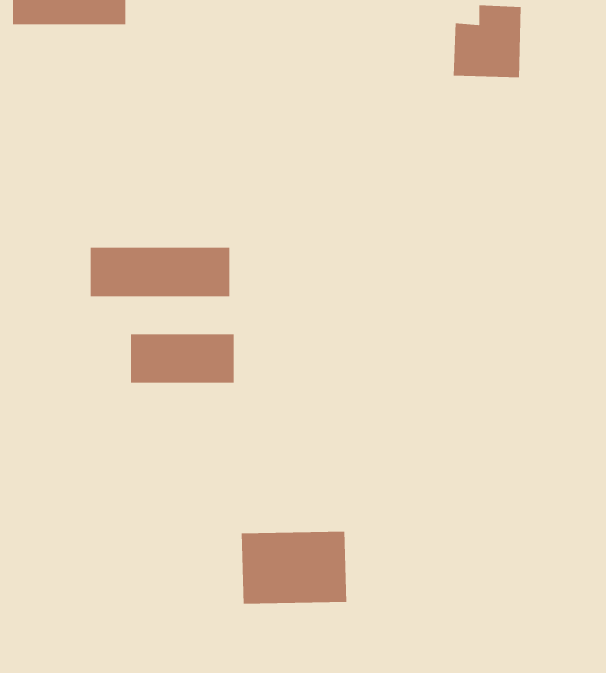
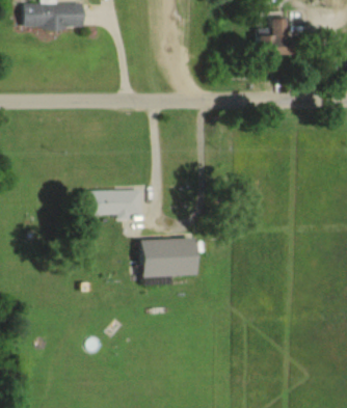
building: [90,247,230,297] -> none
building: [241,531,347,604] -> [141,238,197,276]

